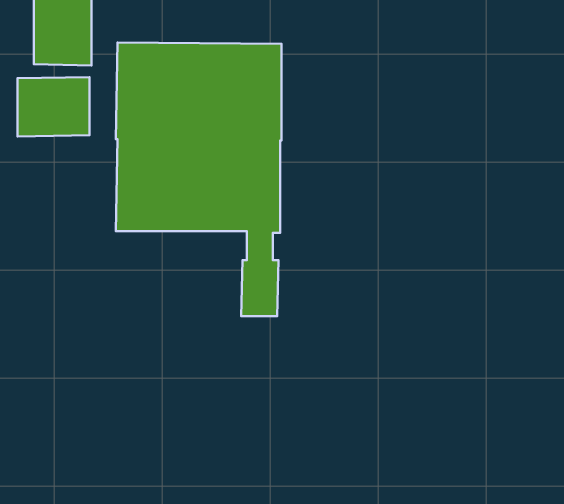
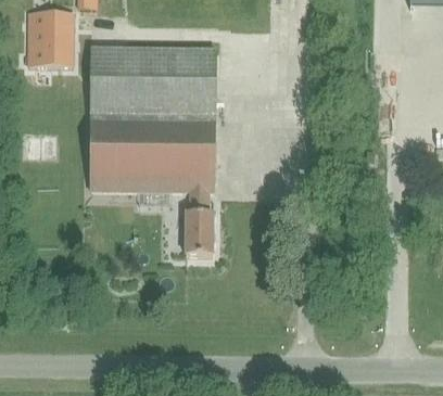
building: [17,77,89,136] -> none

